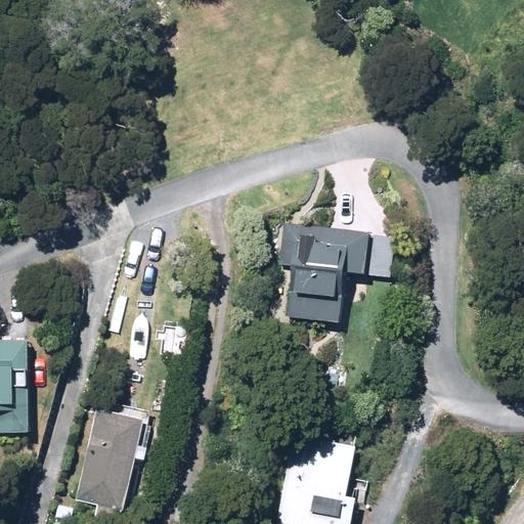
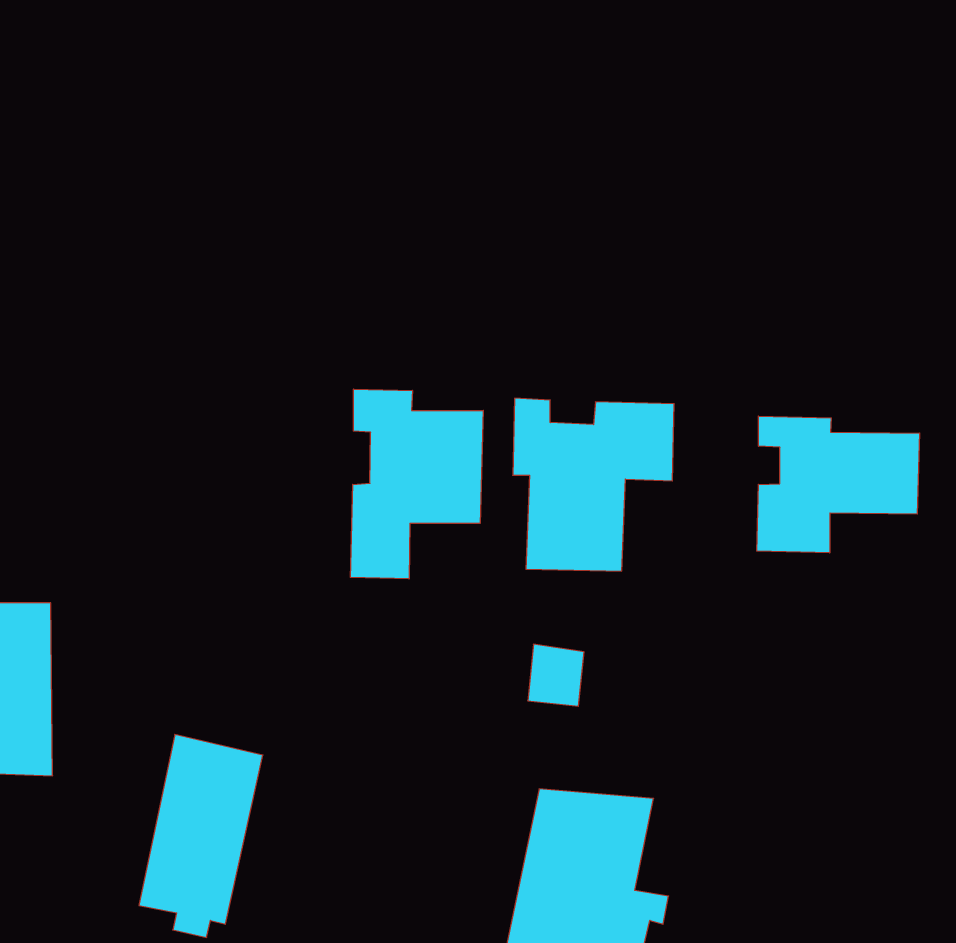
building: none -> [350,389,483,579]
building: none -> [757,416,920,553]

